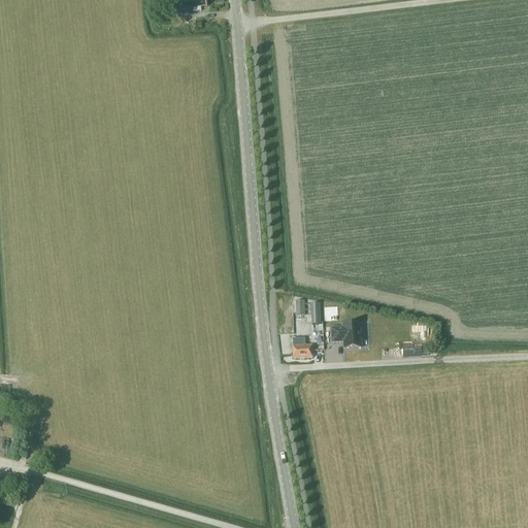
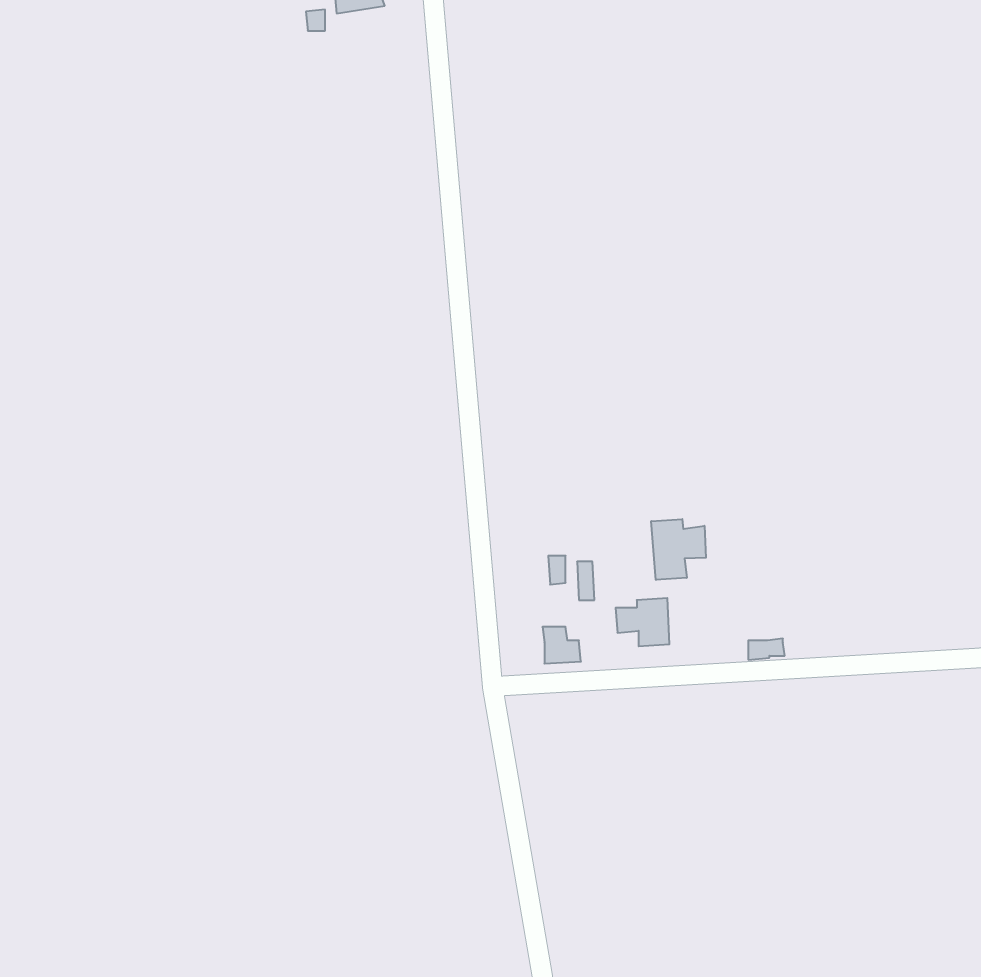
building: none -> [651,519,706,580]

